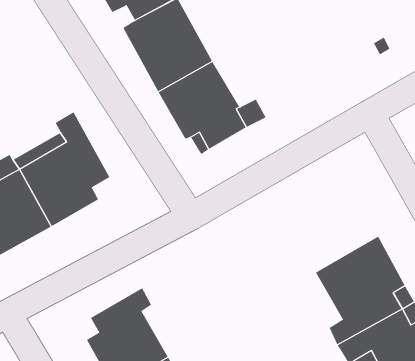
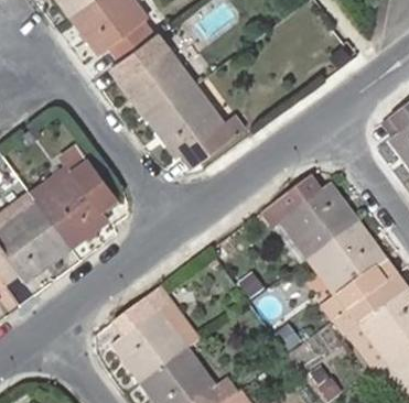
building: none -> [263,176,358,260]

